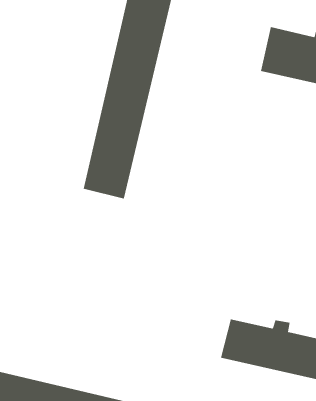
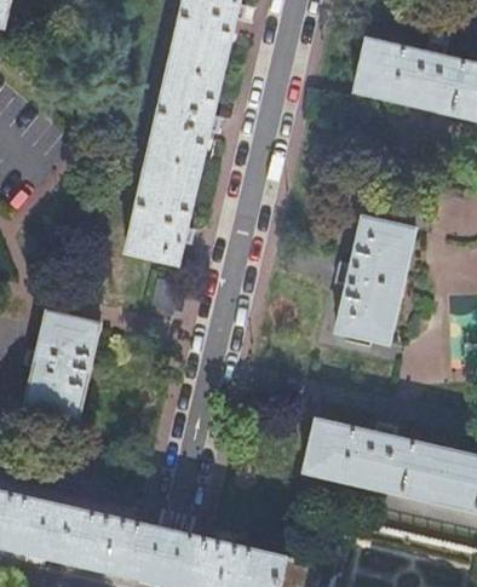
building: none -> [332,218,415,344]
building: none -> [21,320,102,436]

